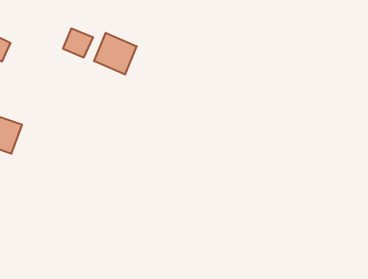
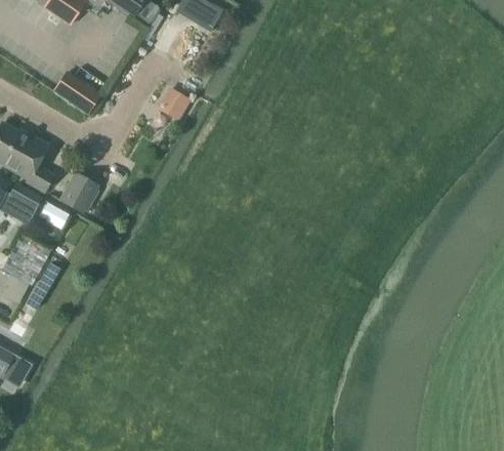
building: [94,33,137,75] -> none

